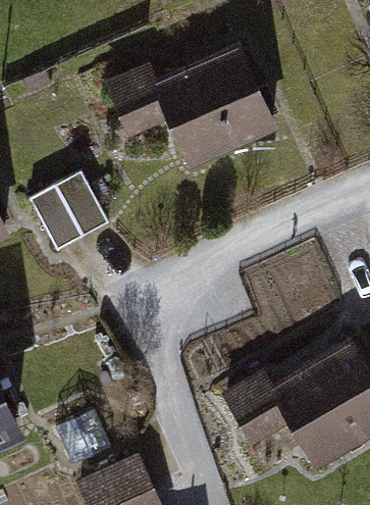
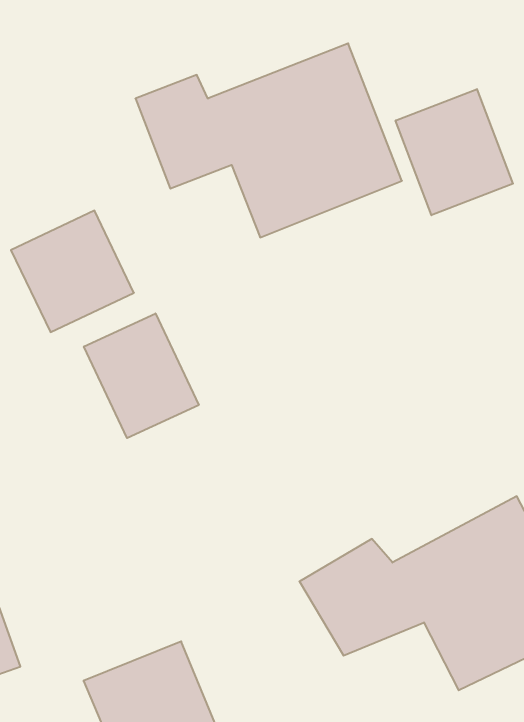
building: none -> [396,89,513,215]
building: none -> [84,313,199,438]

